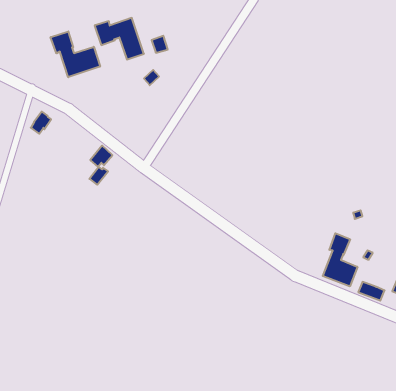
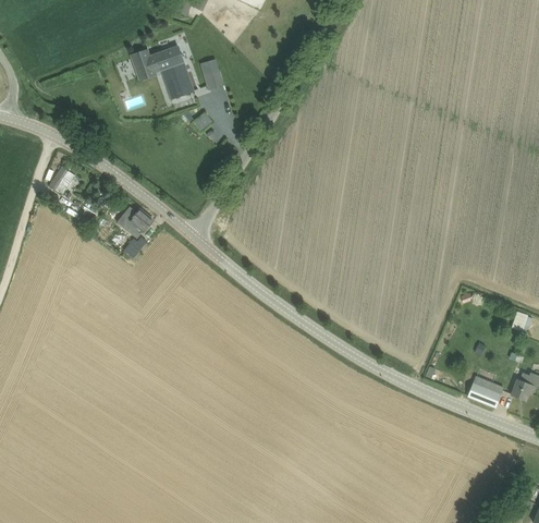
building: [51,31,100,77] -> none
building: [323,233,357,286] -> none

